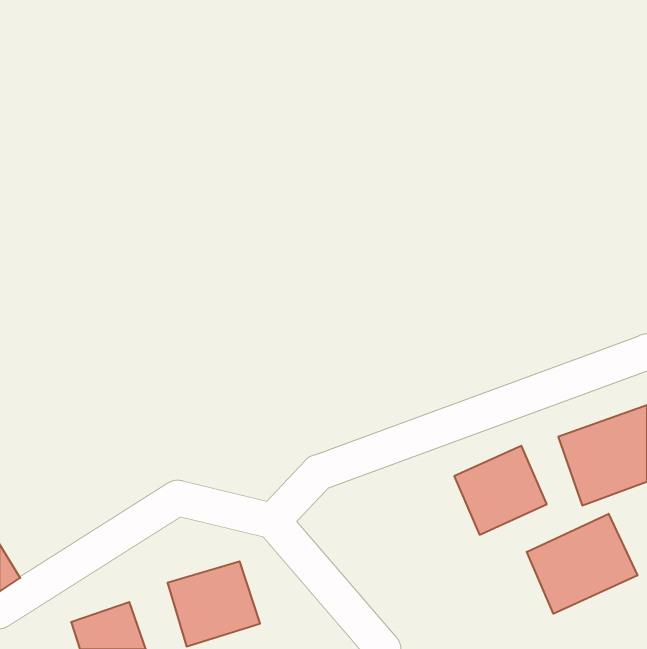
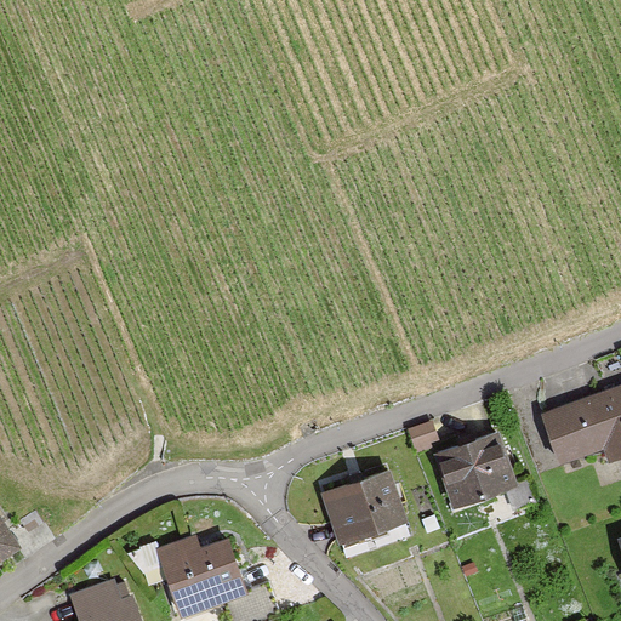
building: none -> [321,469,409,547]
building: [527,514,637,614] -> none

